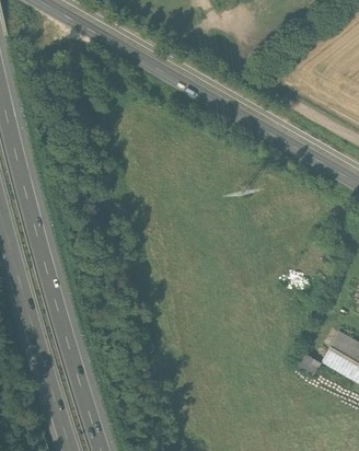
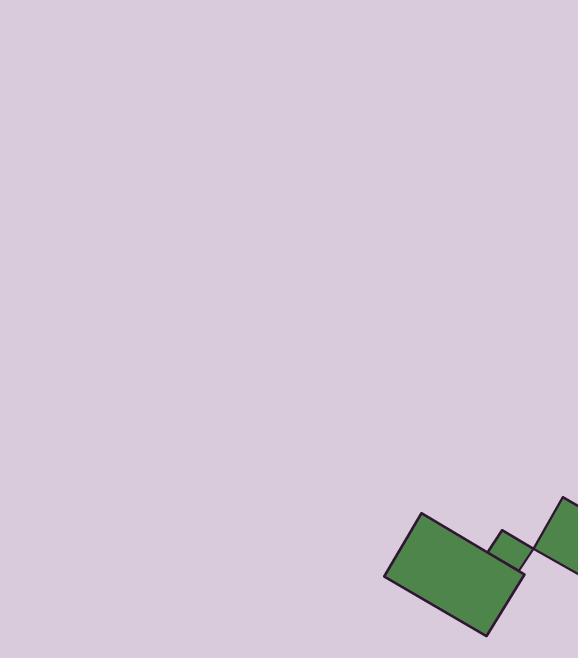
building: none -> [384,513,525,636]

